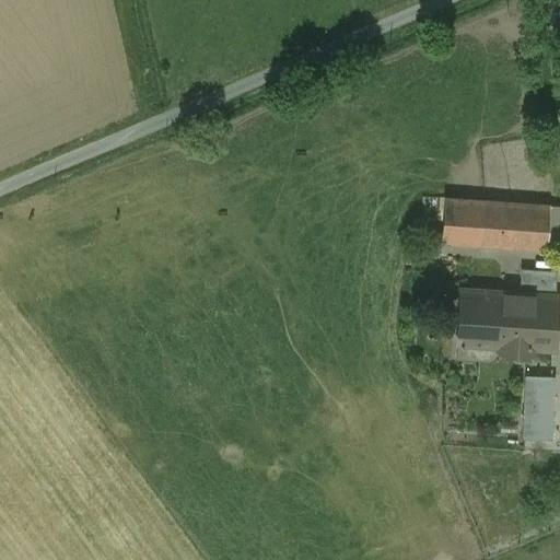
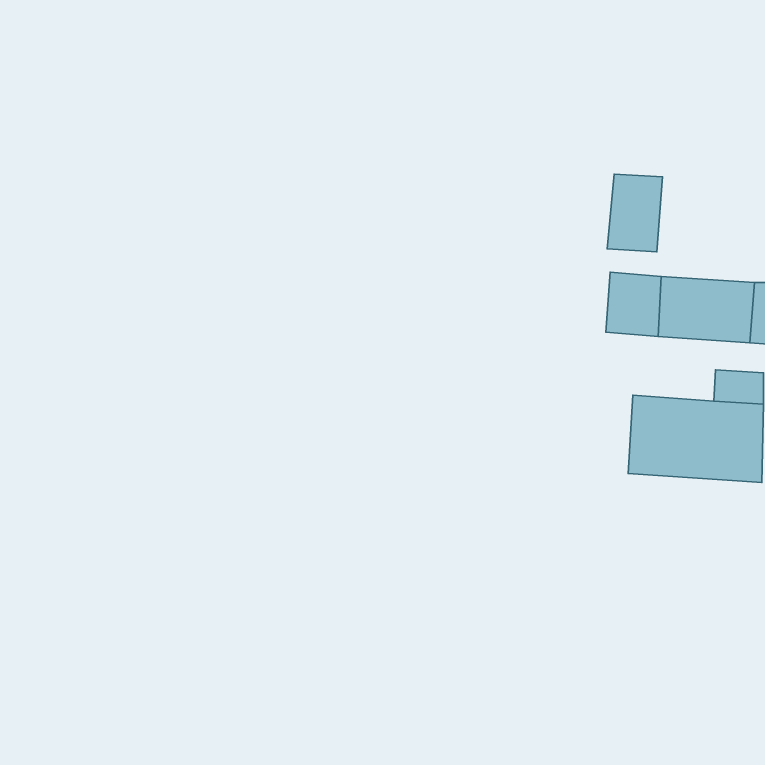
building: none -> [607,174,663,252]
building: [526,377,555,435] -> none

